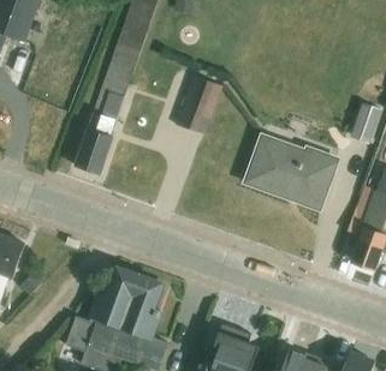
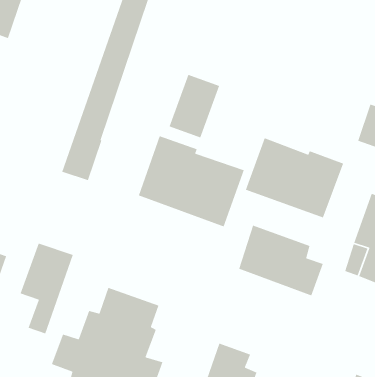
building: none -> [138,135,245,228]
building: none -> [238,225,324,296]
building: none -> [20,242,74,335]

